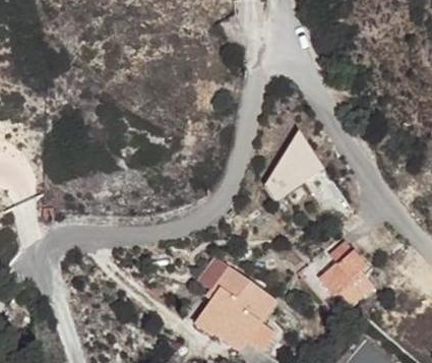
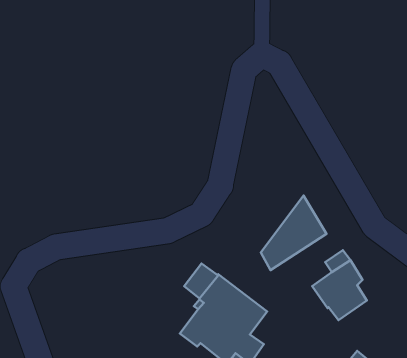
building: [261,135,322,204] -> [261,196,326,270]

